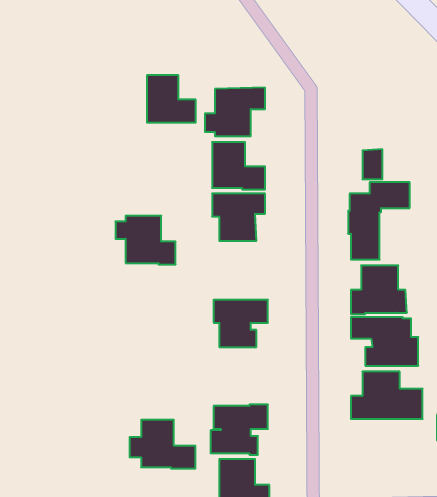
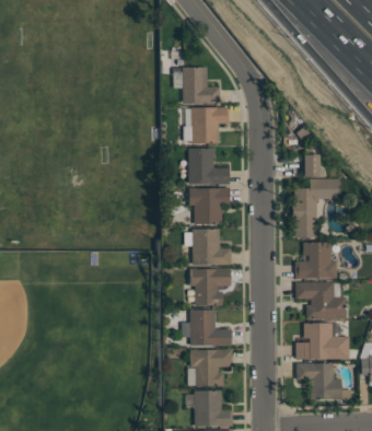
building: [147,75,196,123] -> [183,68,220,104]
building: [115,216,176,264] -> [185,229,231,266]
building: [130,420,195,469] -> [182,310,232,347]
building: none -> [297,363,351,400]

